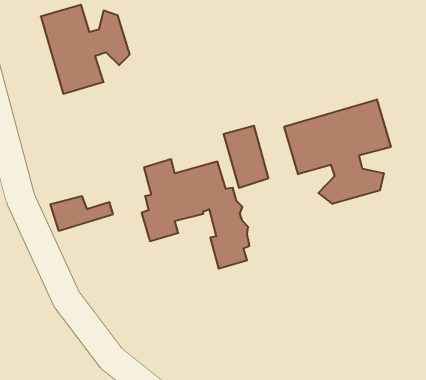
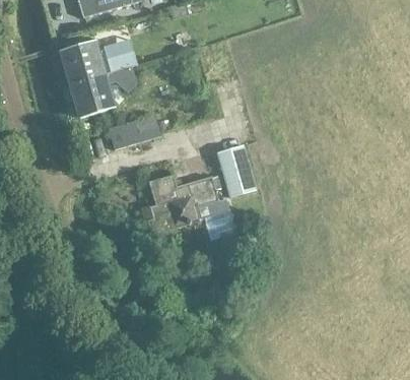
building: [284,99,391,204] -> none
building: [50,196,113,231] -> [107,120,160,149]

